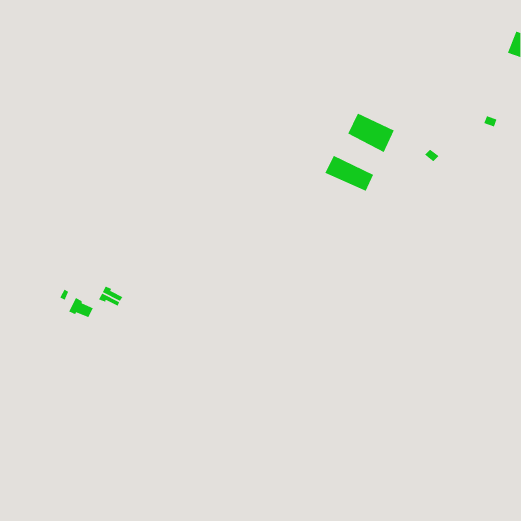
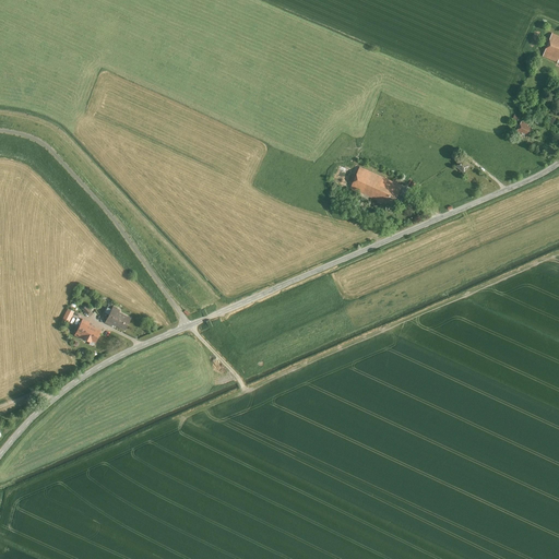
building: [347,112,395,153] -> none

